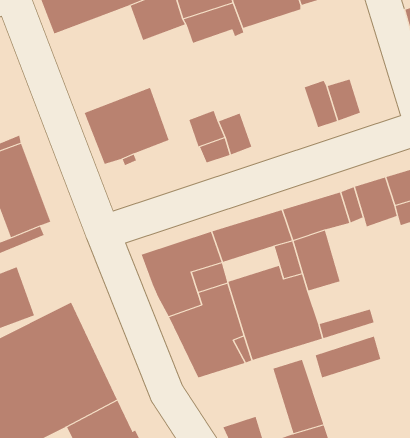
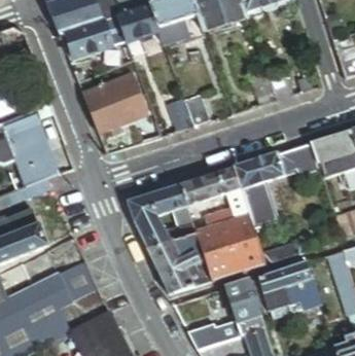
building: none -> [60,11,127,58]
building: none -> [262,279,316,313]

